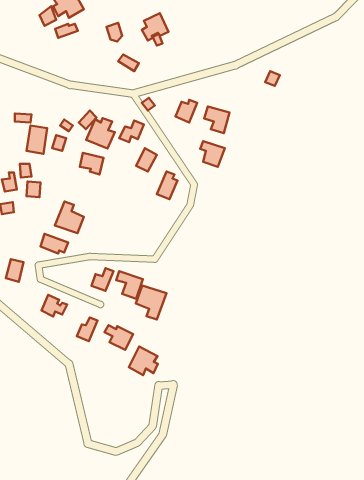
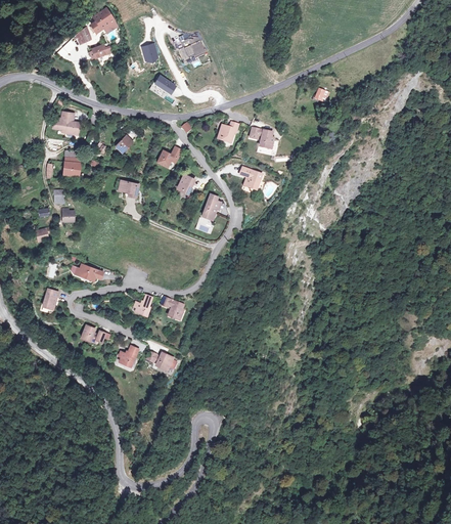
building: none -> [52,110,83,134]
building: [86,118,115,149] -> none
building: [55,202,84,233] -> none
building: [136,285,167,319] -> none
building: [129,347,158,375] -> none

